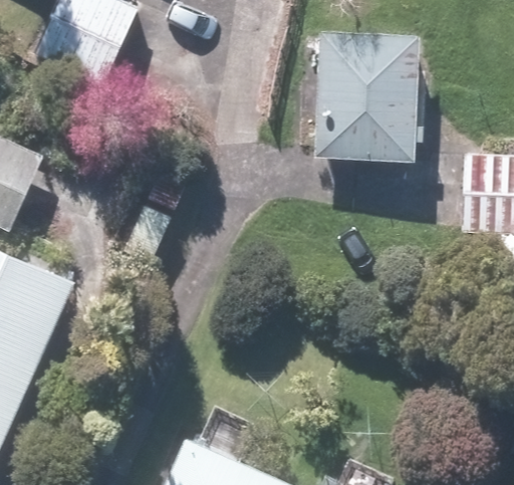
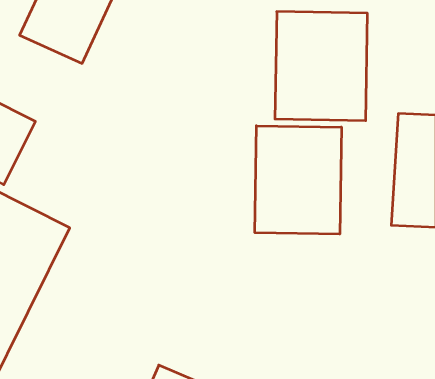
building: none -> [255,126,341,234]

